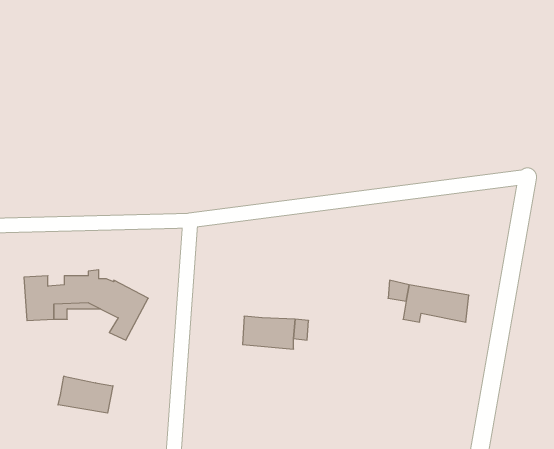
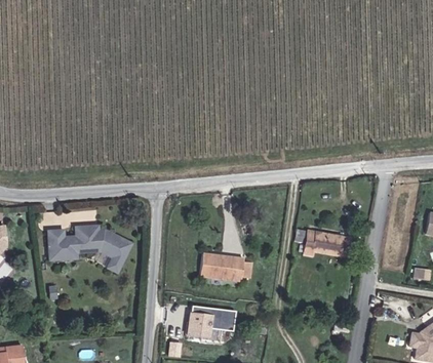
building: [58,376,113,413] -> none
building: none -> [193,305,241,337]

